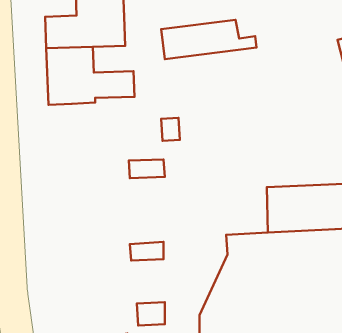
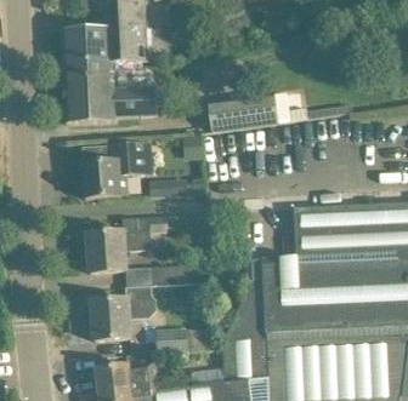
building: [161,20,256,59] -> [206,90,306,131]
building: none -> [81,142,151,199]
building: none -> [86,216,206,273]
building: none -> [90,297,155,340]

